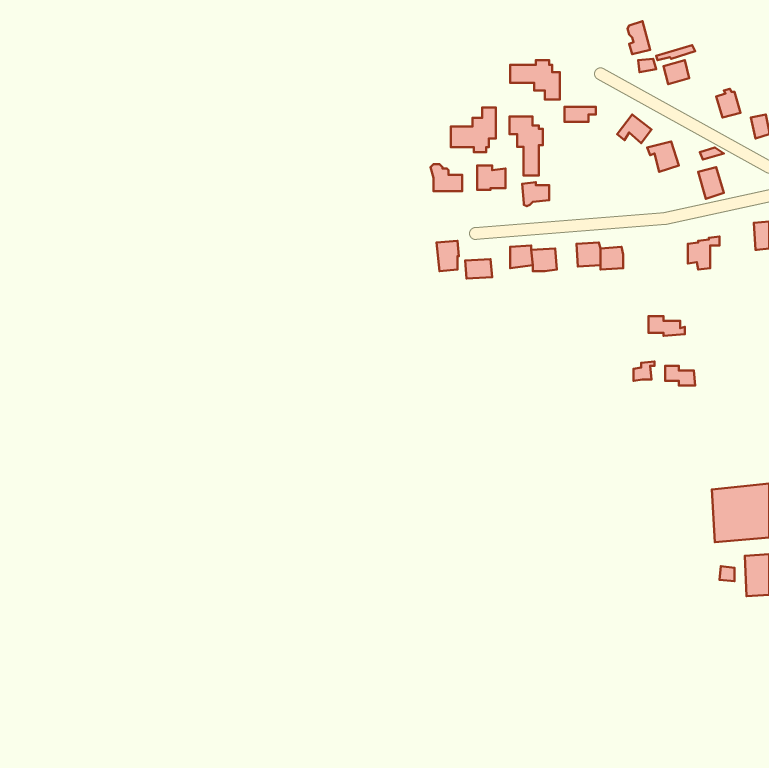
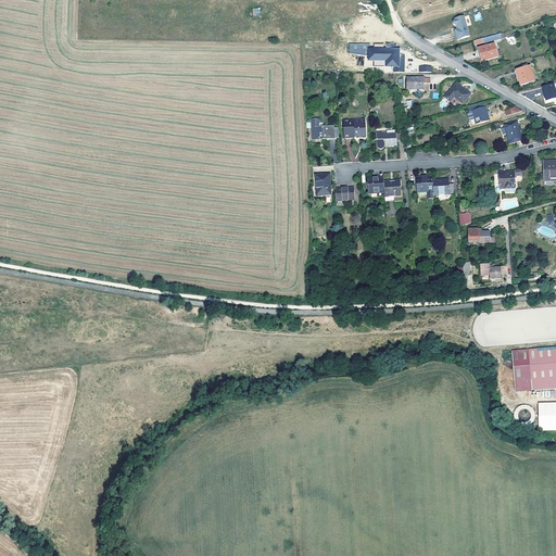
building: [451,108,496,152] -> none
building: [510,116,543,175] -> none

